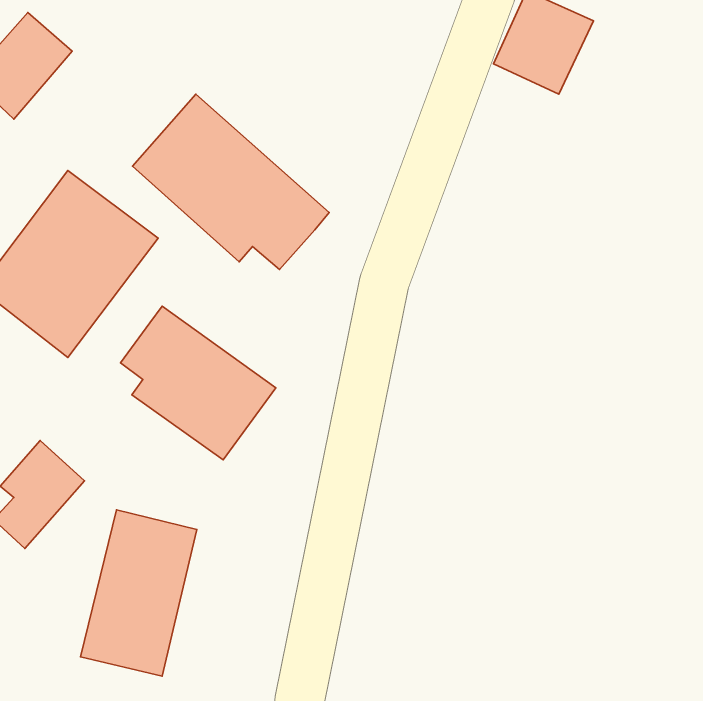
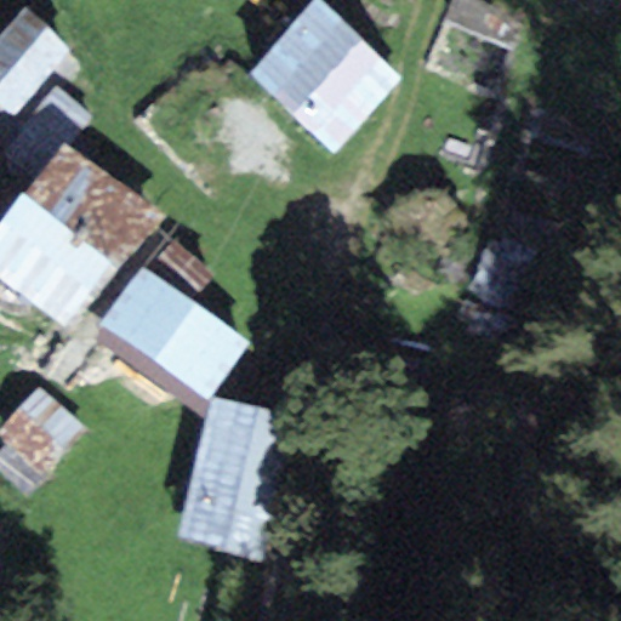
building: none -> [255,5,391,139]
building: [133,94,329,270] -> none
building: [80,510,197,676] -> [183,404,285,549]

